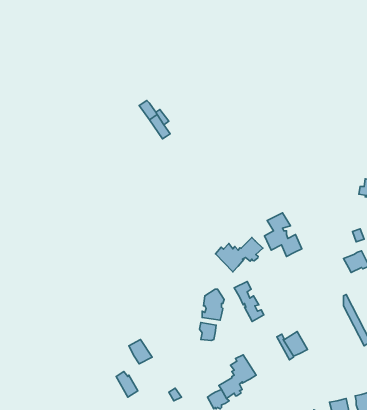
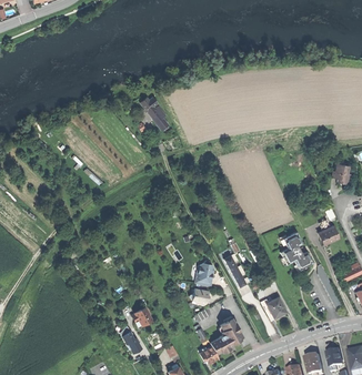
building: [265,213,302,256] -> [279,231,311,268]
building: [216,237,263,272] -> none

